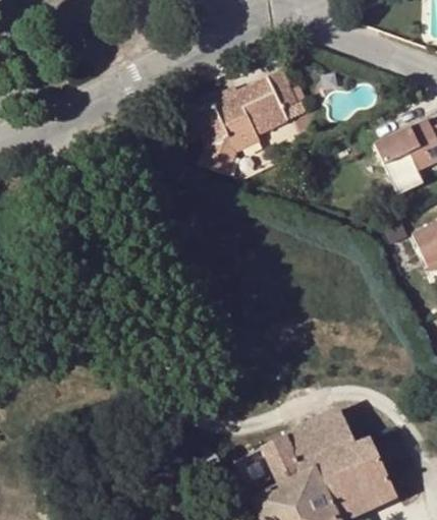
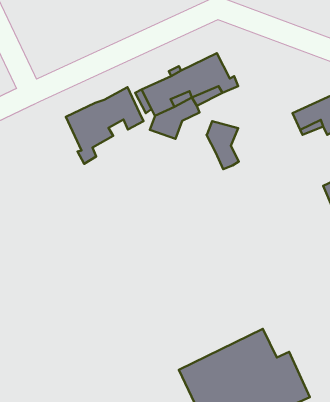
building: none -> [66,87,144,164]
building: none -> [206,121,239,169]

